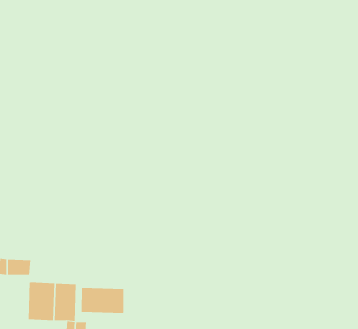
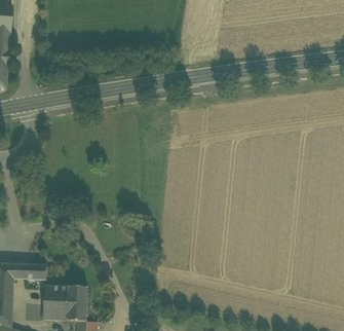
building: [81,287,124,314] -> none

